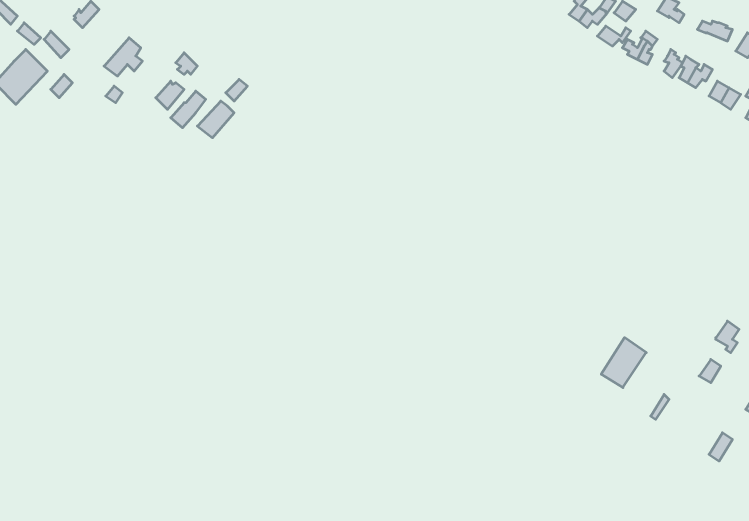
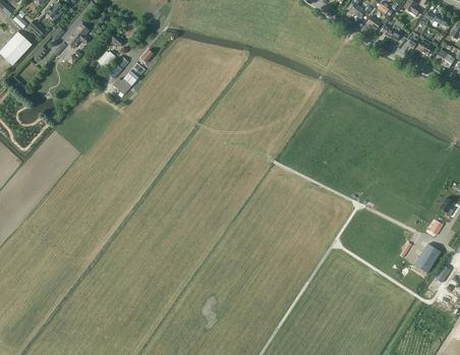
building: [601,338,646,388] -> [413,243,441,274]

